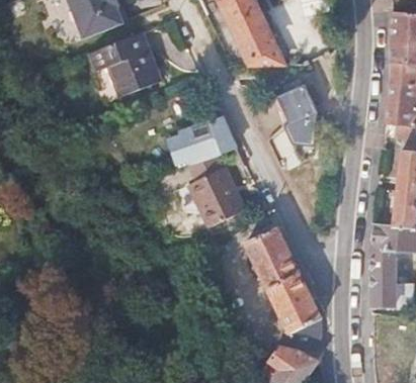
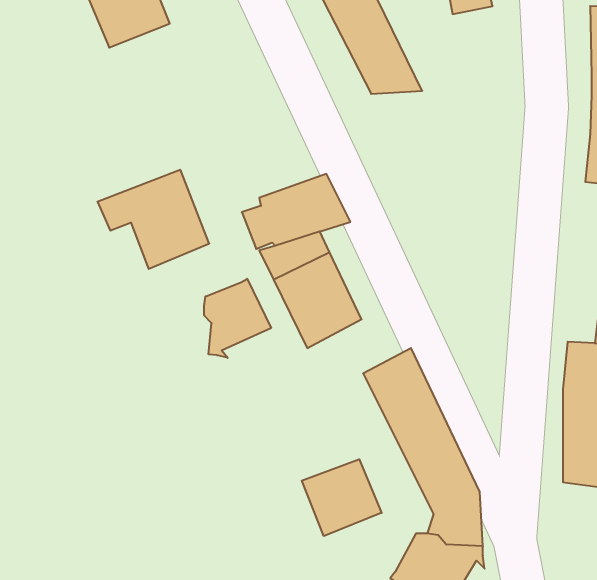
building: [90,31,161,94] -> [97,170,209,269]
building: [272,84,314,164] -> none
building: none -> [204,279,271,358]
building: none -> [302,459,382,536]

